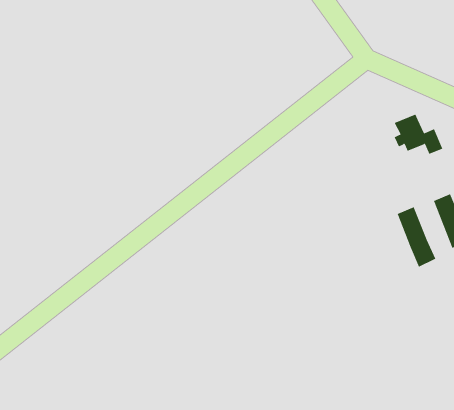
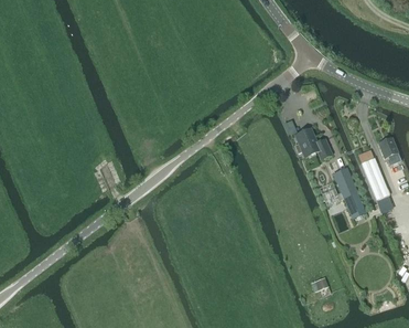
building: [394,114,443,155] -> [294,127,332,158]

